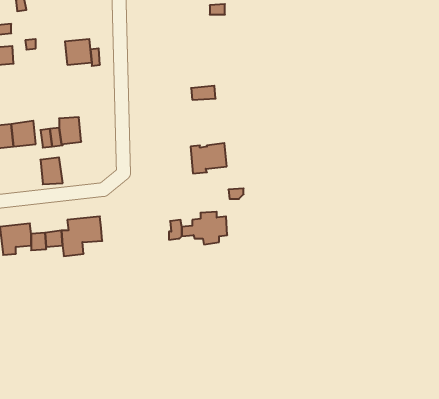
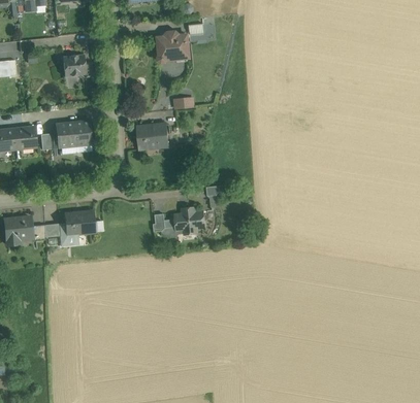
building: none -> [158,33,189,63]
building: [191,143,227,173] -> [137,123,169,149]
building: [40,157,63,184] -> [74,121,94,144]

